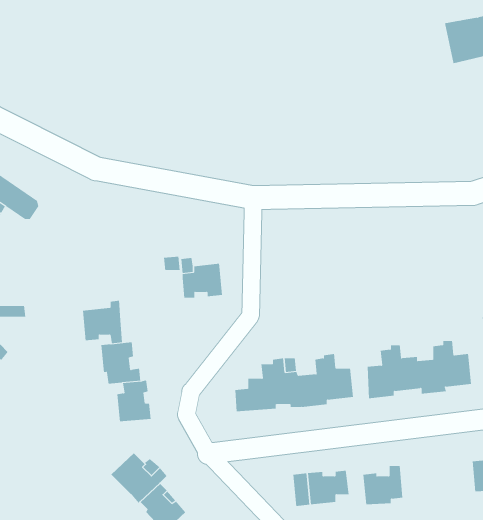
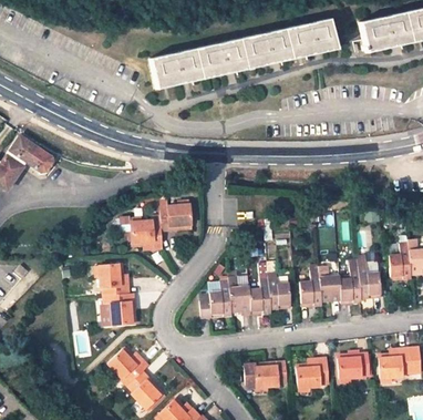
building: none -> [148,18,334,89]
building: [82,300,123,344] -> [131,215,162,248]
building: none -> [338,352,369,379]

